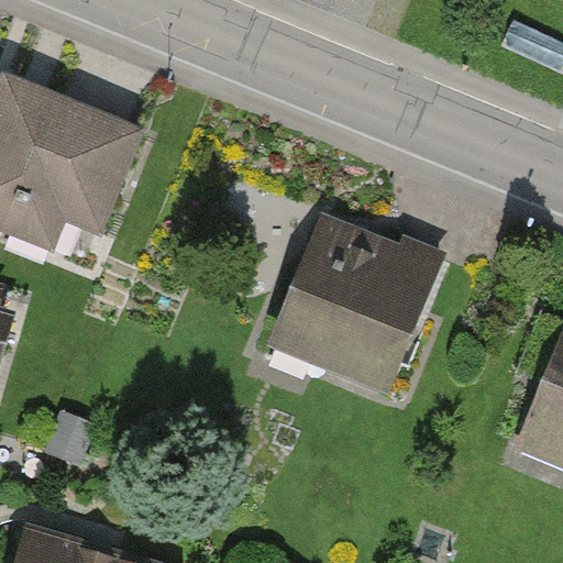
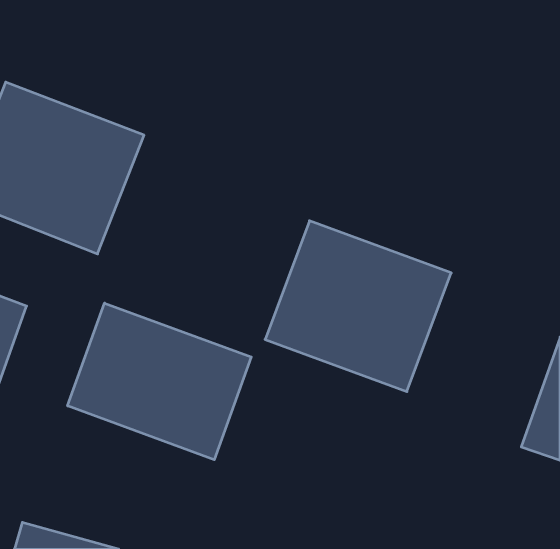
building: none -> [68,303,251,460]

